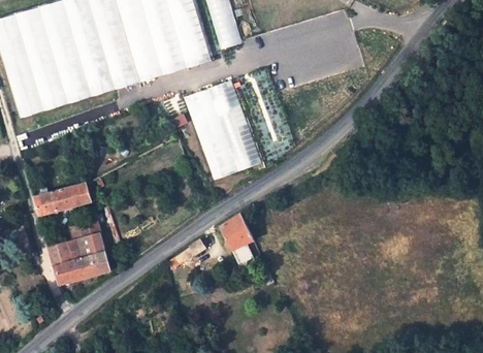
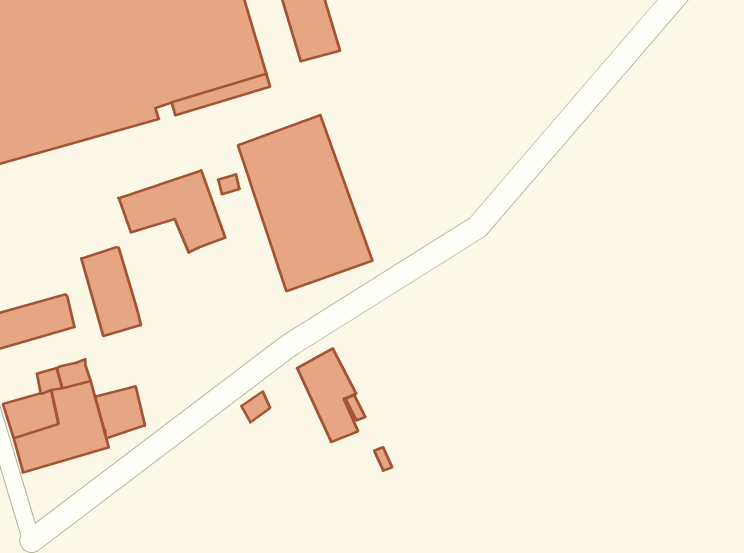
building: none -> [118,170,225,253]
building: none -> [81,247,141,336]
building: none -> [95,386,145,438]

